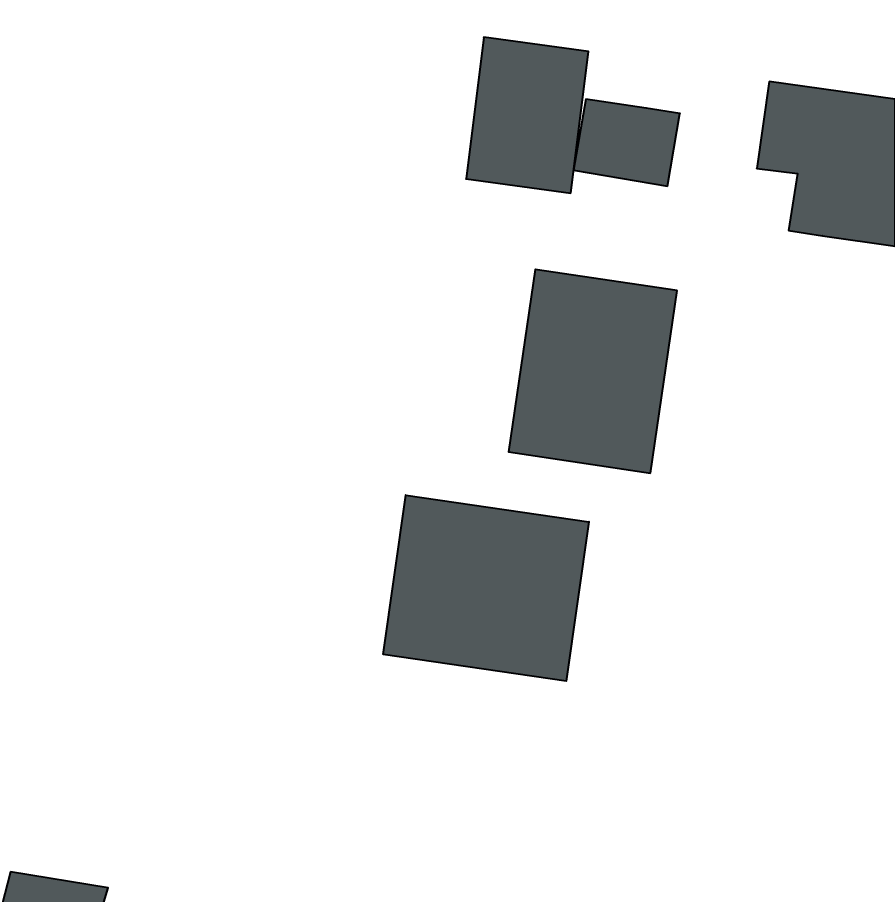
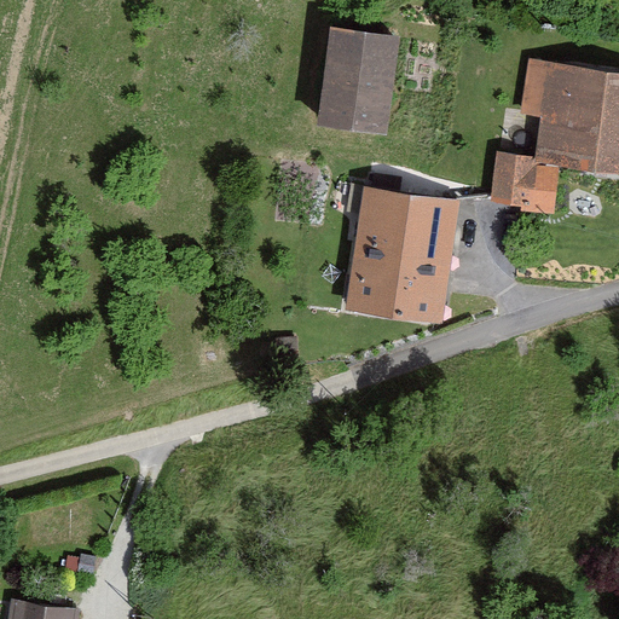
building: [574,99,680,186] -> [488,154,561,213]
building: [383,495,589,681] -> none

